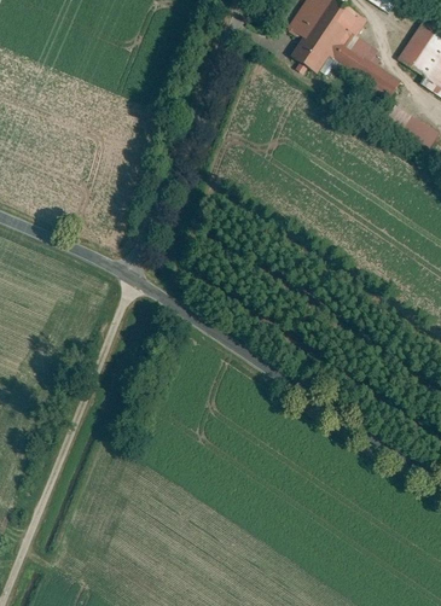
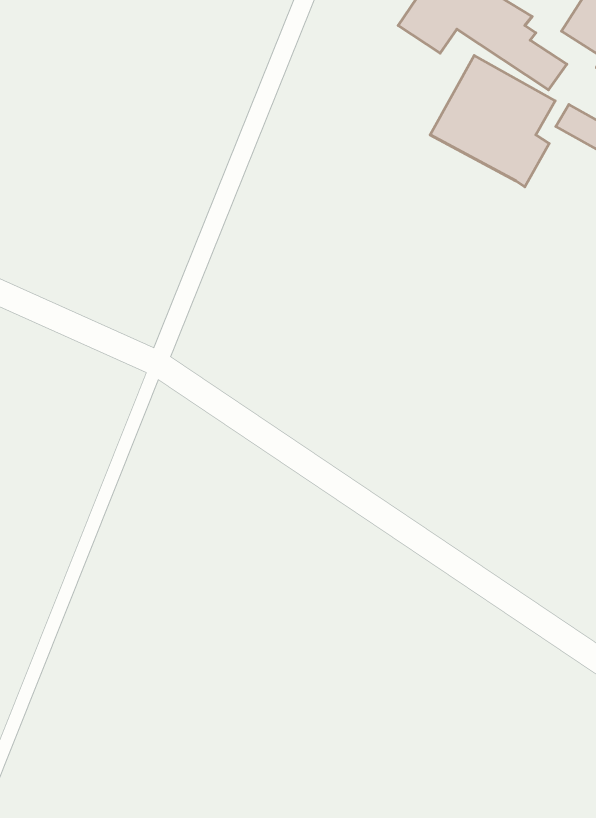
building: none -> [430,55,555,187]

